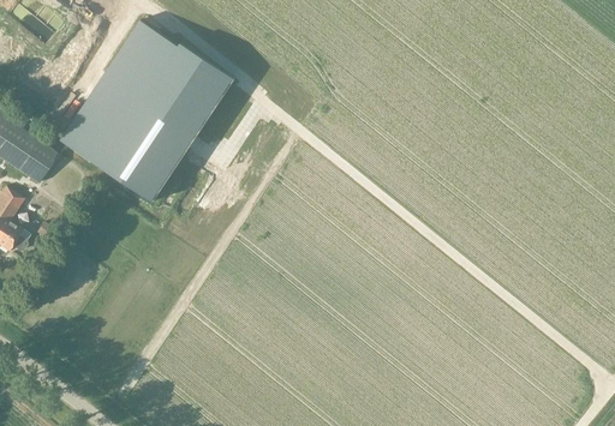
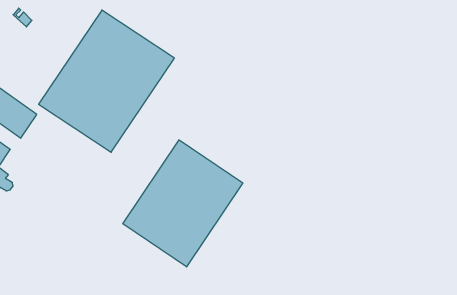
building: none -> [123,140,243,267]

